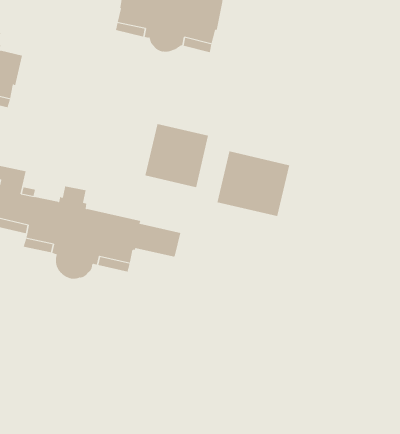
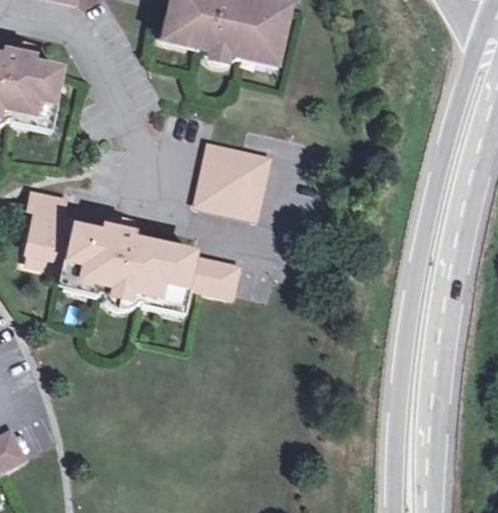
building: [217,151,290,217] -> none

